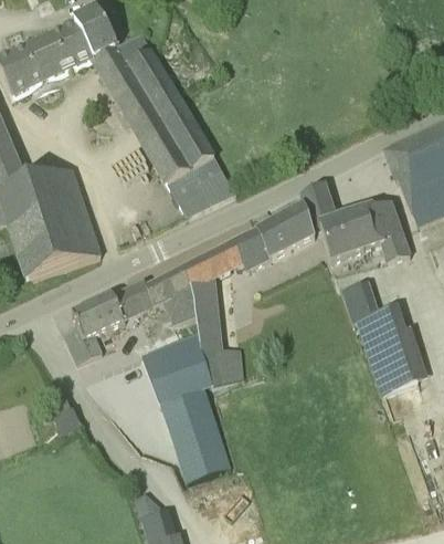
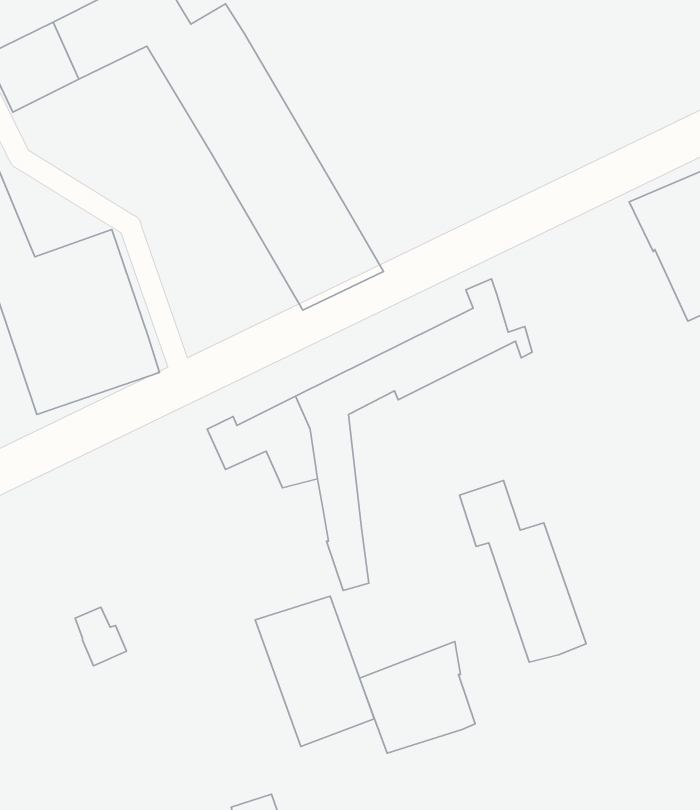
building: [299,184,410,260] -> none
building: [341,281,417,390] -> [460,481,586,662]
building: [63,289,140,363] -> none
building: [141,336,211,404] -> [360,641,475,753]

